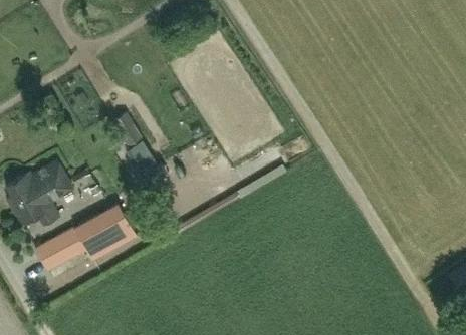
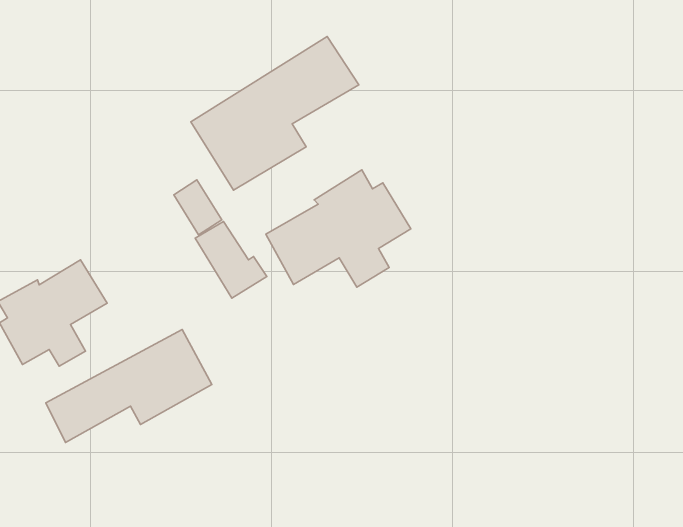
building: none -> [191,37,359,190]
building: none -> [266,170,411,287]

